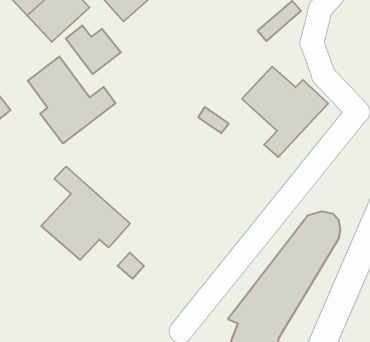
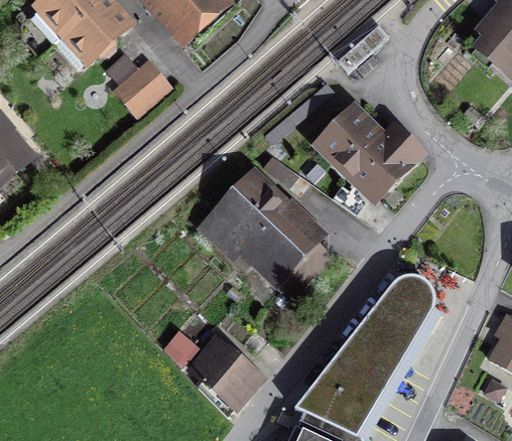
building: [28,56,115,143] -> none
building: none -> [204,172,334,292]
building: [41,167,130,260] -> none
building: none -> [186,342,262,416]

